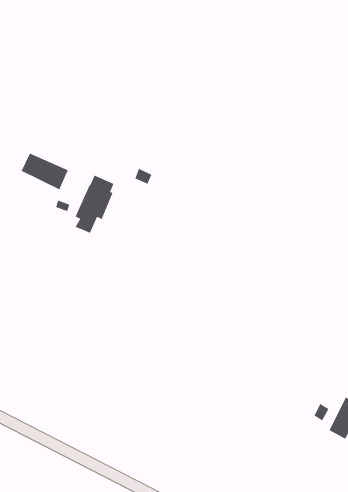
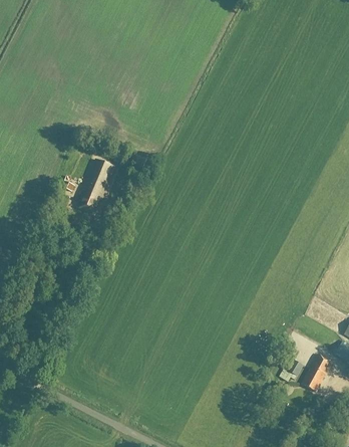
building: [21,152,69,190] -> none

